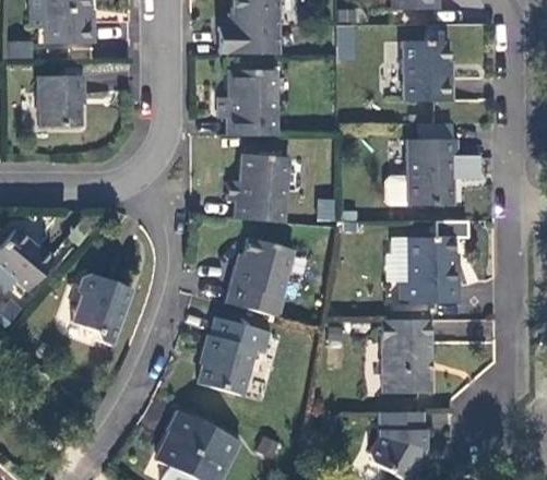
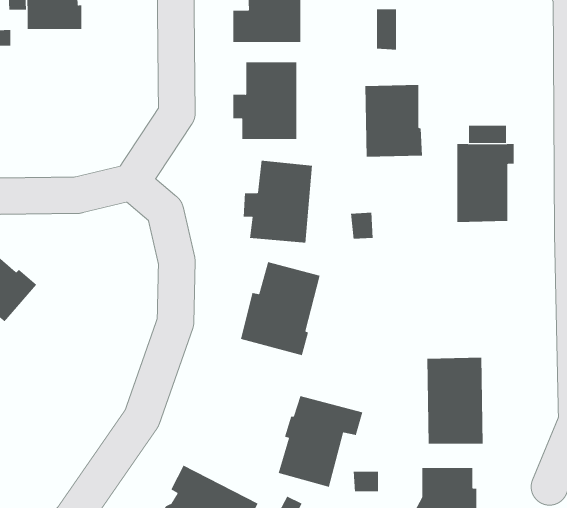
building: [402,40,451,101] -> [365,85,423,157]
building: [38,75,84,125] -> none
building: [401,237,457,302] -> none
building: [72,273,131,345] -> none
building: [198,317,270,395] -> [278,395,363,487]

